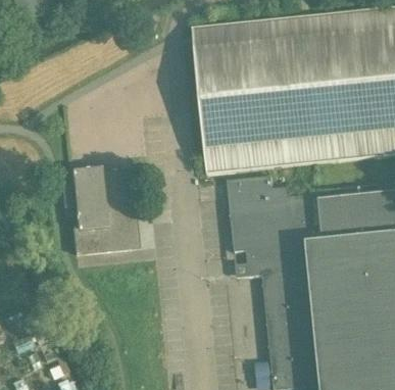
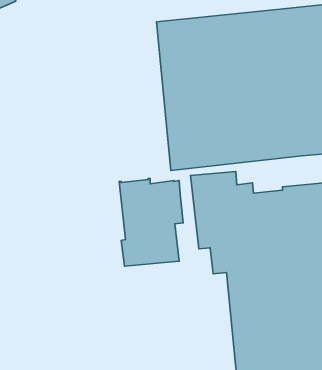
building: [71,165,135,252] -> [119,179,183,266]

